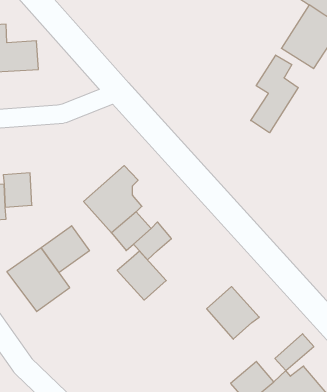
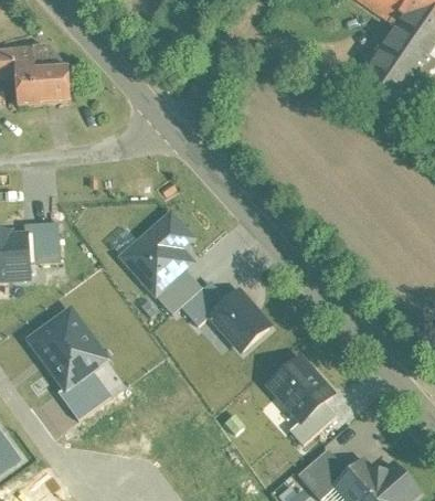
building: [251,55,298,133] -> none
building: [41,226,89,273] -> none
building: [117,251,166,300] -> [211,291,269,350]
building: none -> [59,370,110,419]
building: [275,334,314,371] -> [290,401,337,445]

